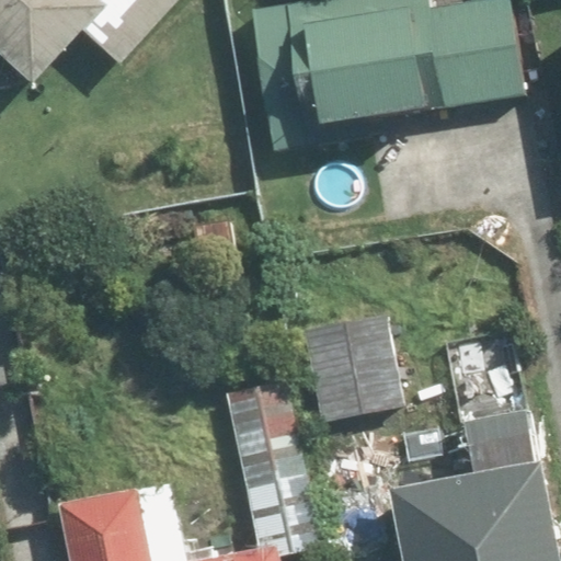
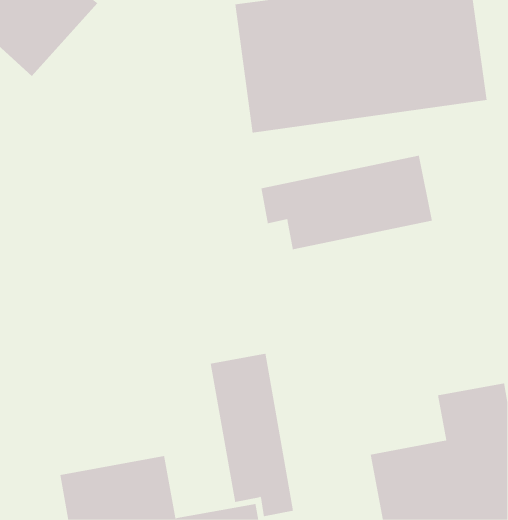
building: none -> [261,155,433,250]
building: [295,309,439,423] -> none

